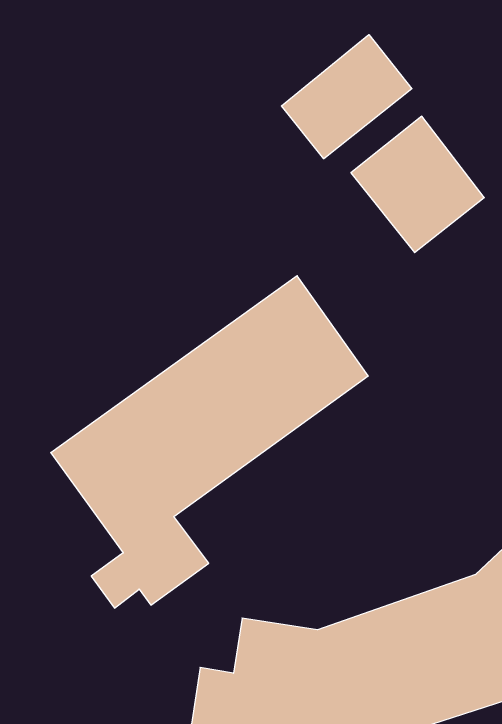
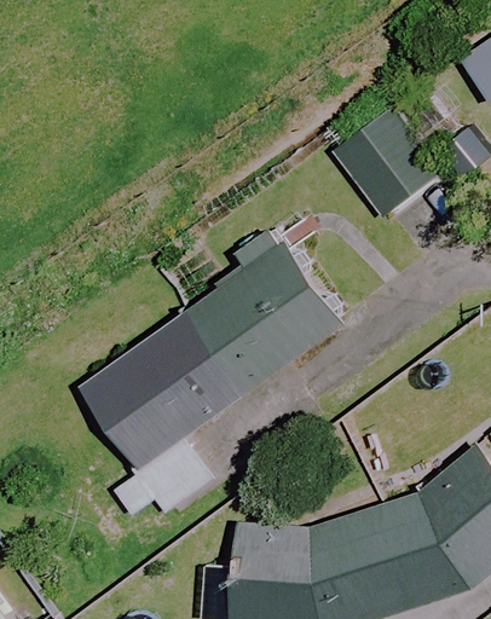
building: [281,35,412,159] -> none

